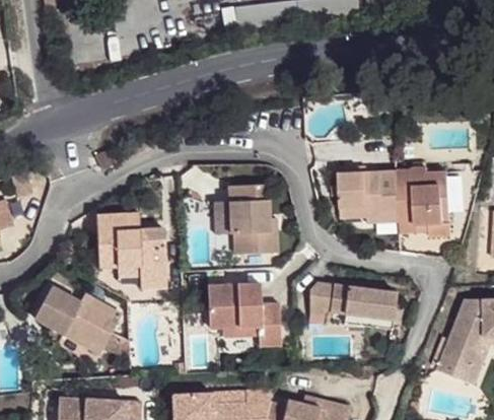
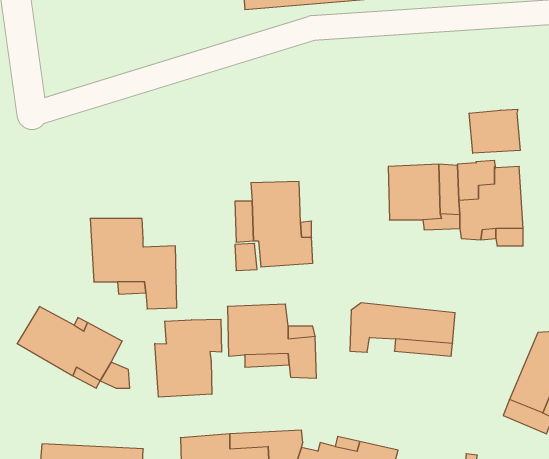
building: none -> [469,109,520,153]
building: none -> [155,319,222,397]

